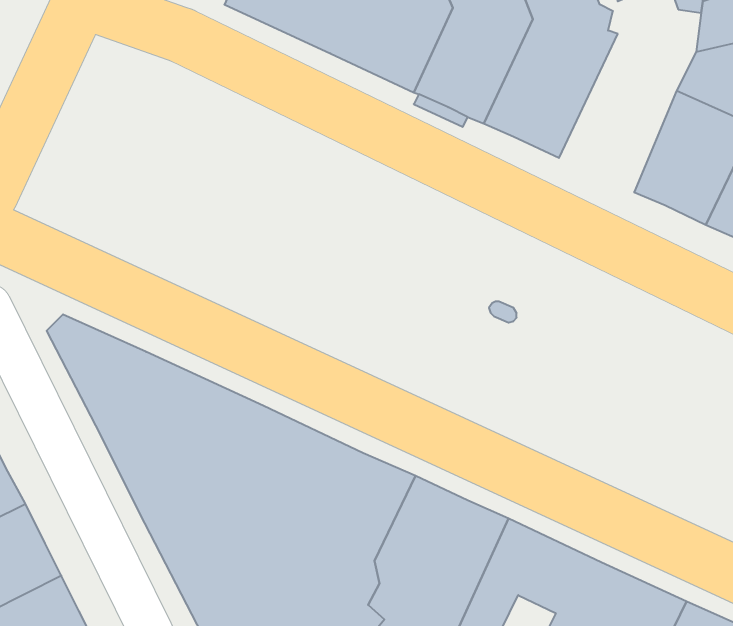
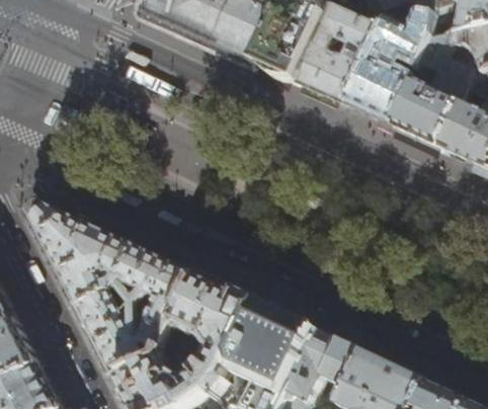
building: none -> [348,14,436,128]

